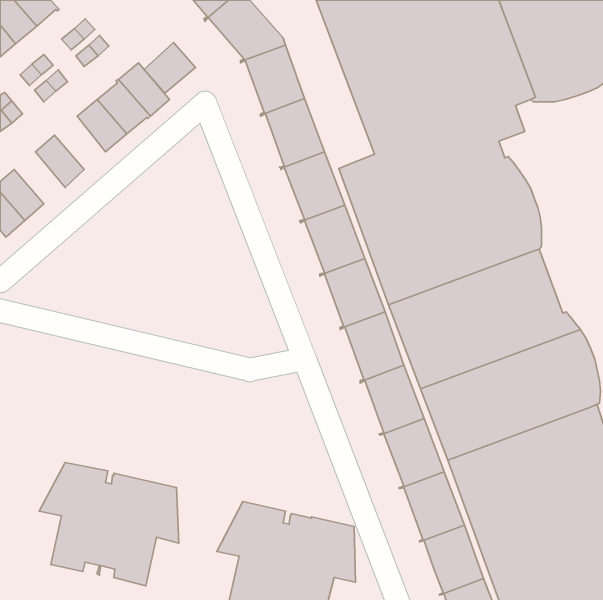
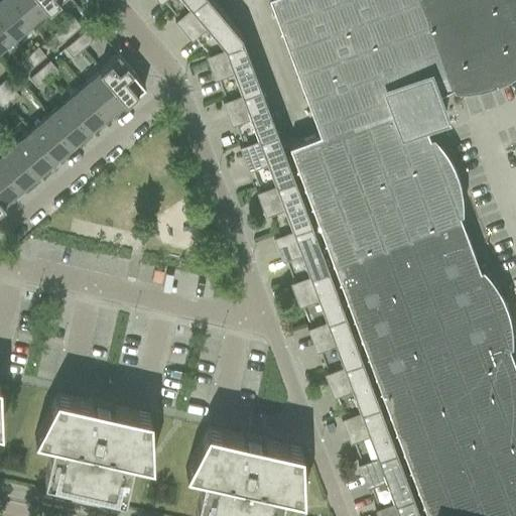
building: [144,42,195,93] -> none
building: none -> [48,104,92,149]
building: none -> [14,134,57,178]

